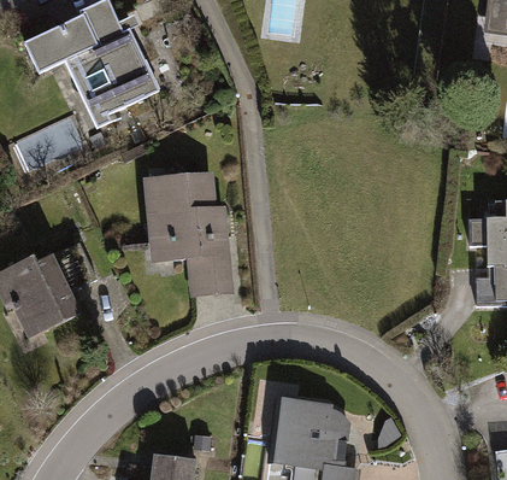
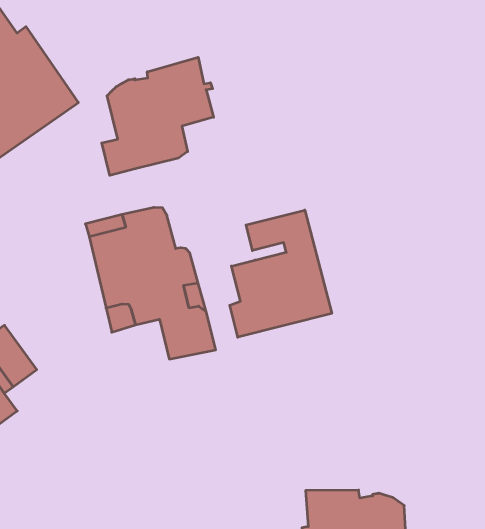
building: none -> [102,57,214,175]
building: none -> [230,210,332,337]

